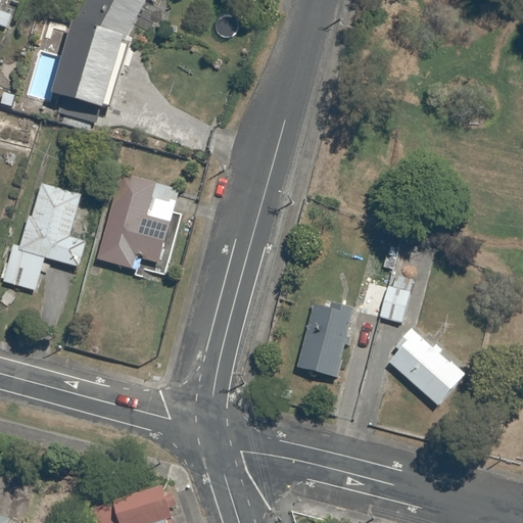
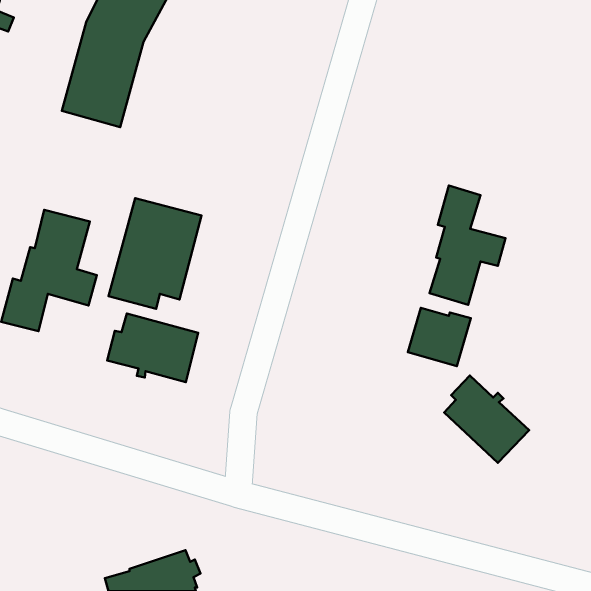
building: none -> [429,186,506,305]
building: none -> [107,313,198,382]
building: [297,303,353,377] -> none

